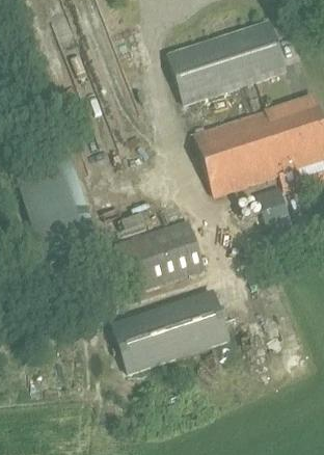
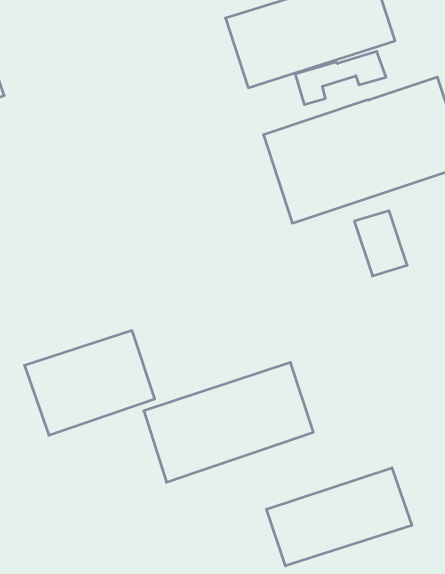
building: [115,219,205,291] -> [24,331,155,435]
building: none -> [267,468,412,566]

